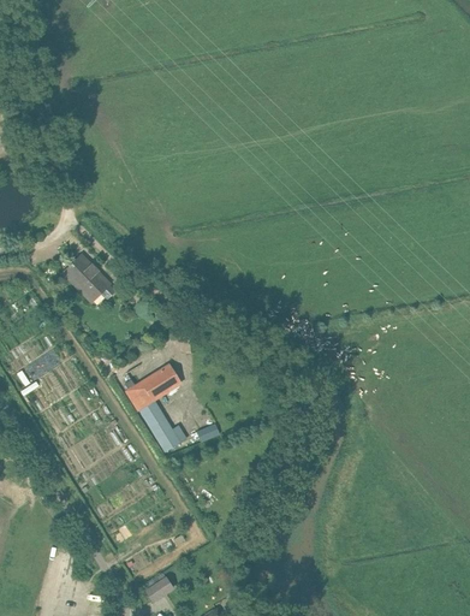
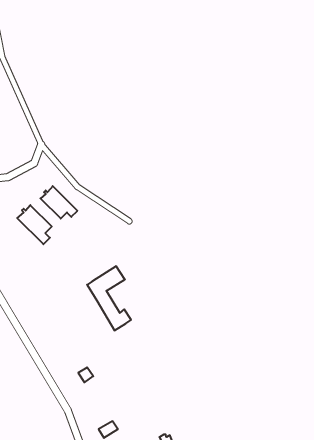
building: none -> [17,205,52,244]

